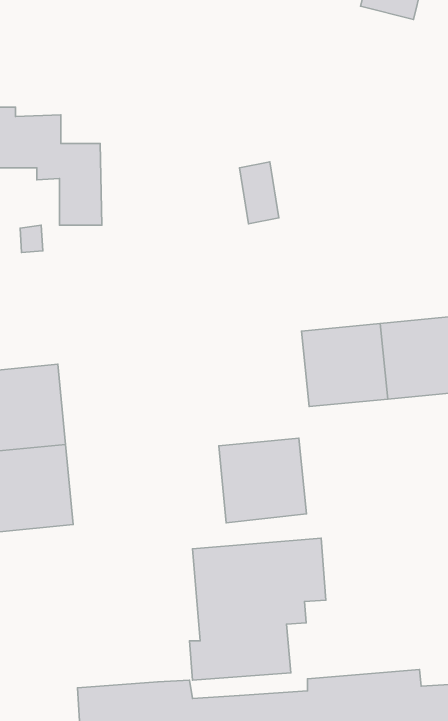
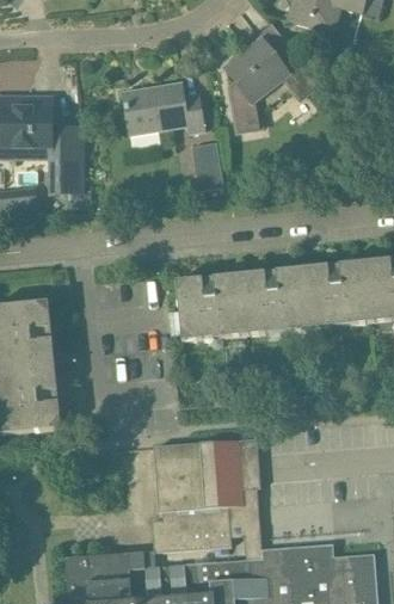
building: none -> [224,37,319,131]
building: none -> [123,82,205,132]
building: [219,438,307,523] -> [178,276,247,343]

